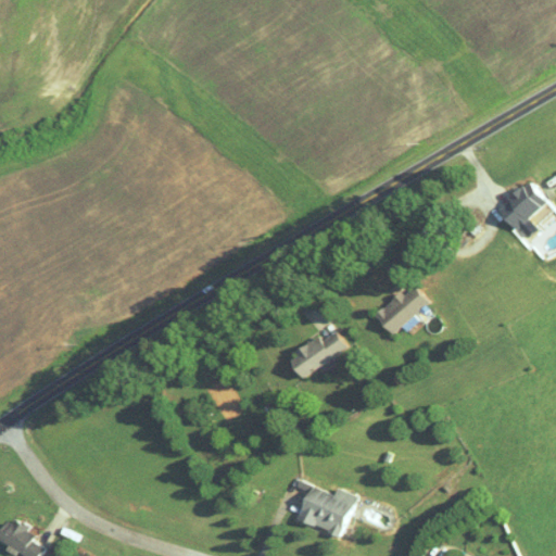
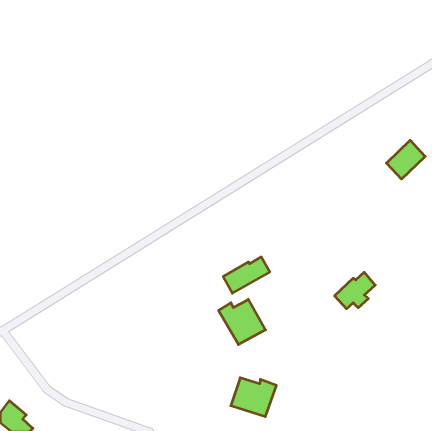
building: [375,287,427,333] -> [335,272,375,309]
building: none -> [219,299,266,345]

